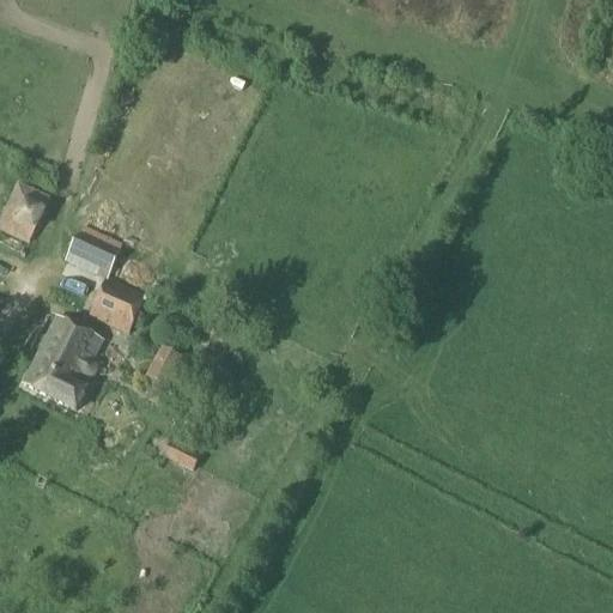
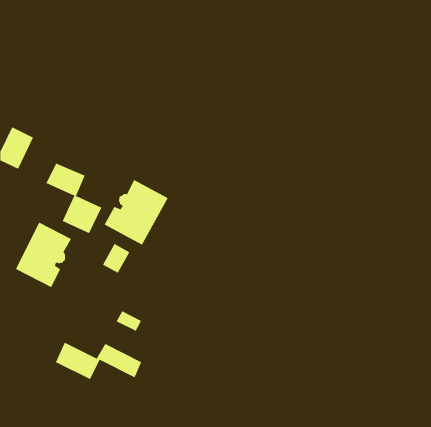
building: none -> [104,179,169,246]
building: none -> [55,342,142,380]

